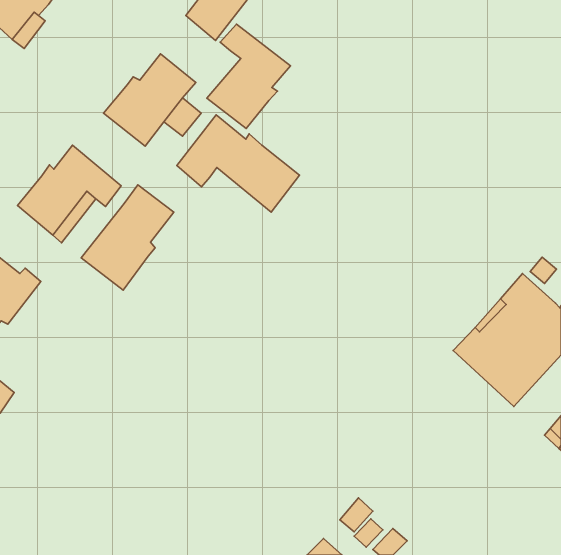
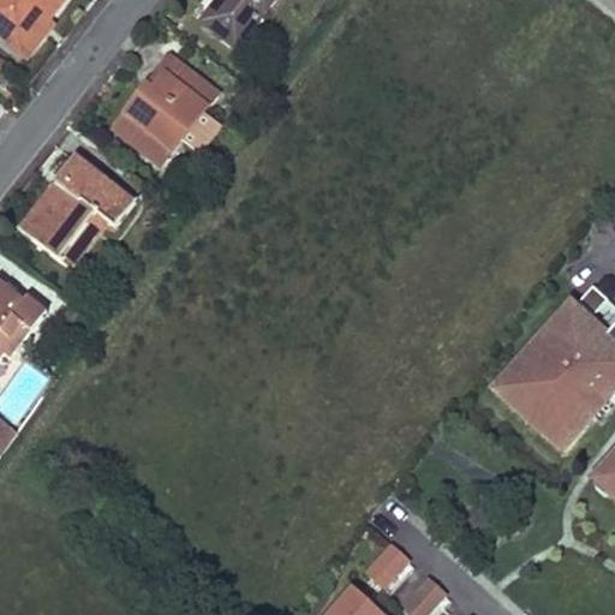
building: [207,24,290,129] -> none
building: [177,115,300,212] -> none
building: [81,185,174,290] -> none

